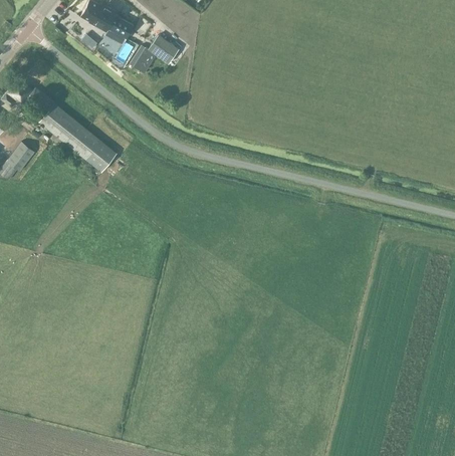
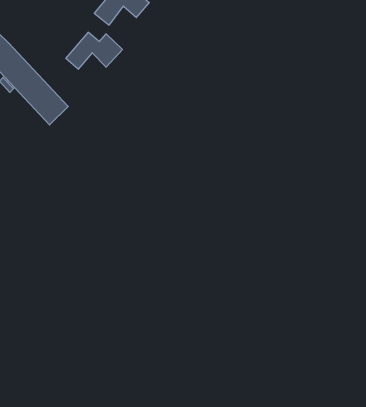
building: none -> [66,32,122,69]

